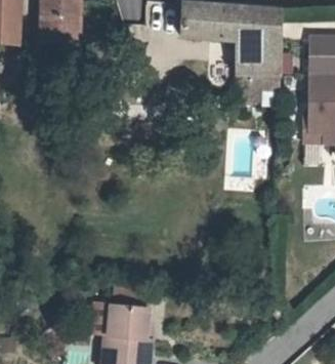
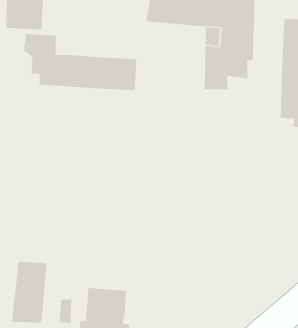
building: none -> [23,33,137,91]
building: none -> [12,261,47,323]

